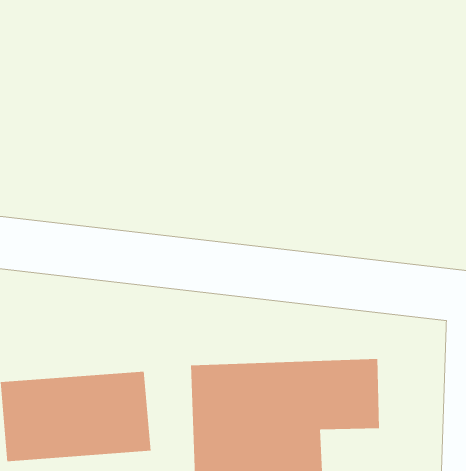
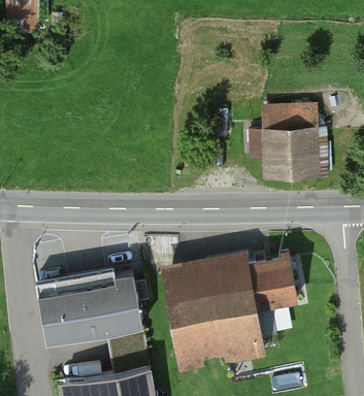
building: none -> [262,104,322,177]

